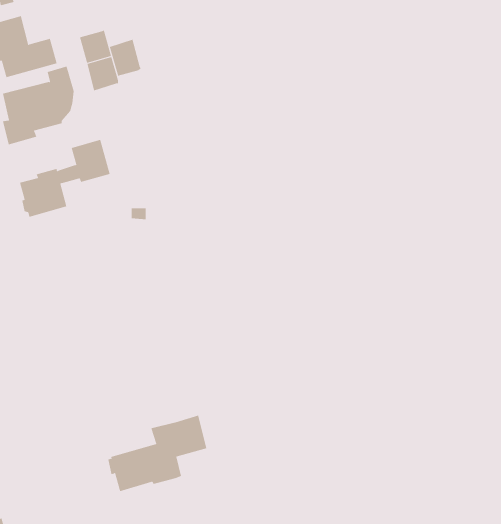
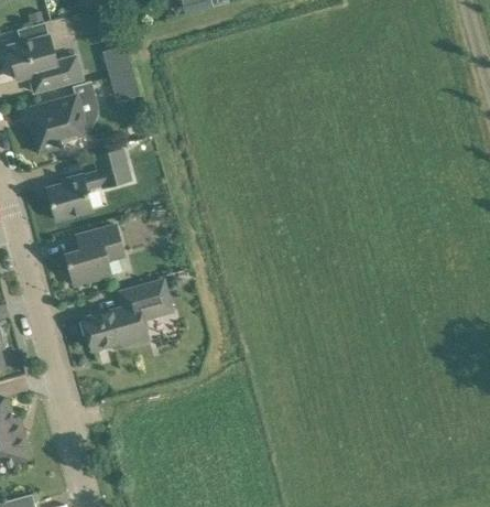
building: [109,39,142,76] -> none
building: none -> [65,224,124,285]
building: [107,415,207,492] -> [80,280,172,350]

